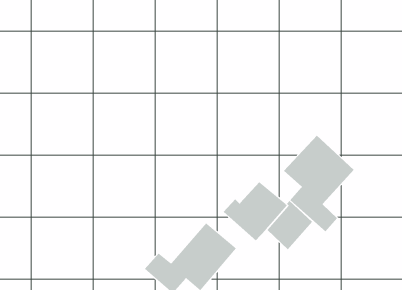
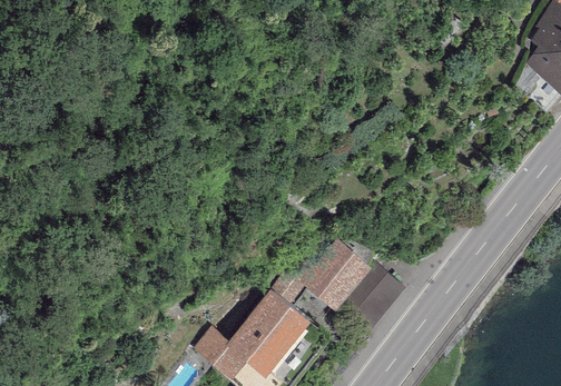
building: [283,135,355,232] -> none

